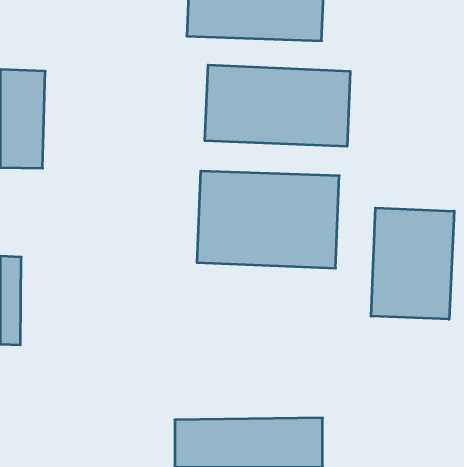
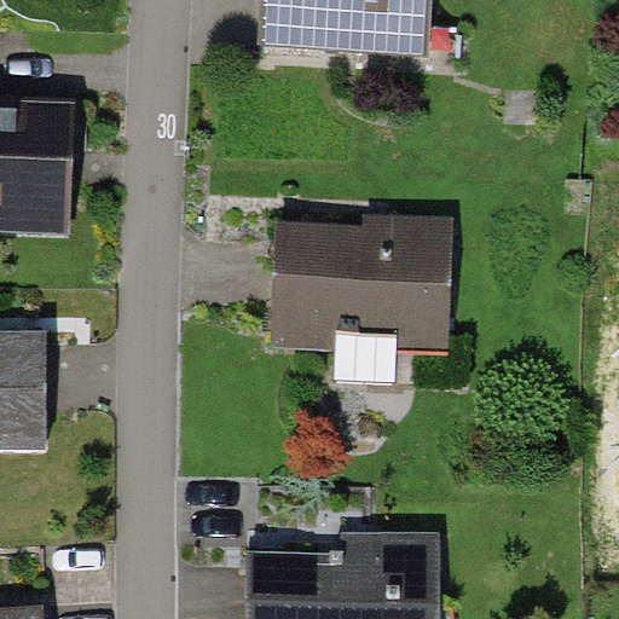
building: [205,65,350,146] -> none
building: [371,208,454,319] -> none

